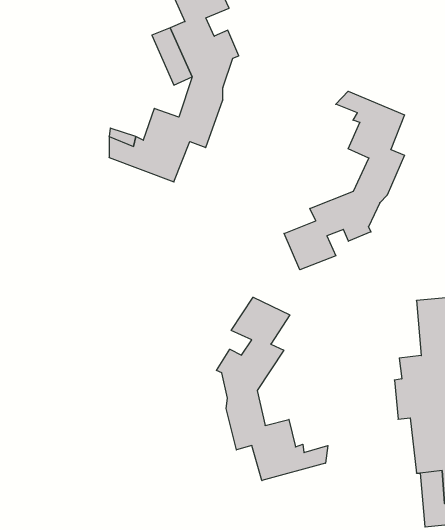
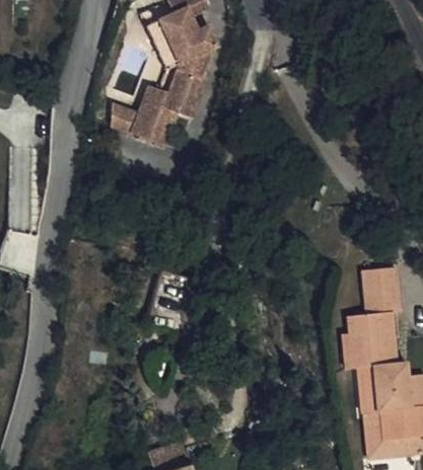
building: [284,91,405,270] -> none
building: [216,297,328,481] -> none

